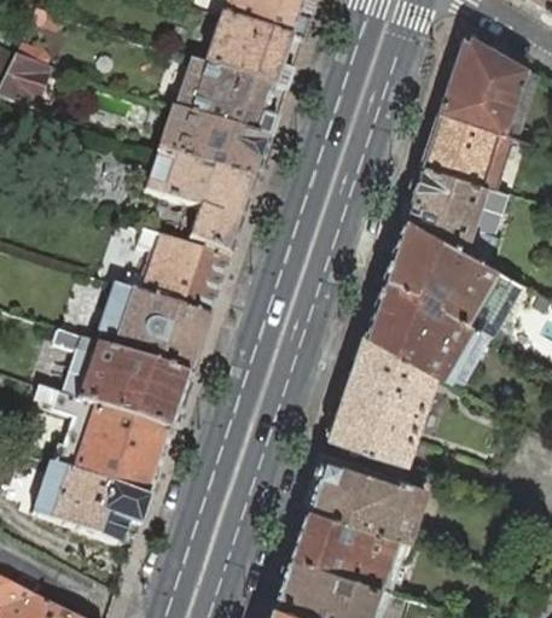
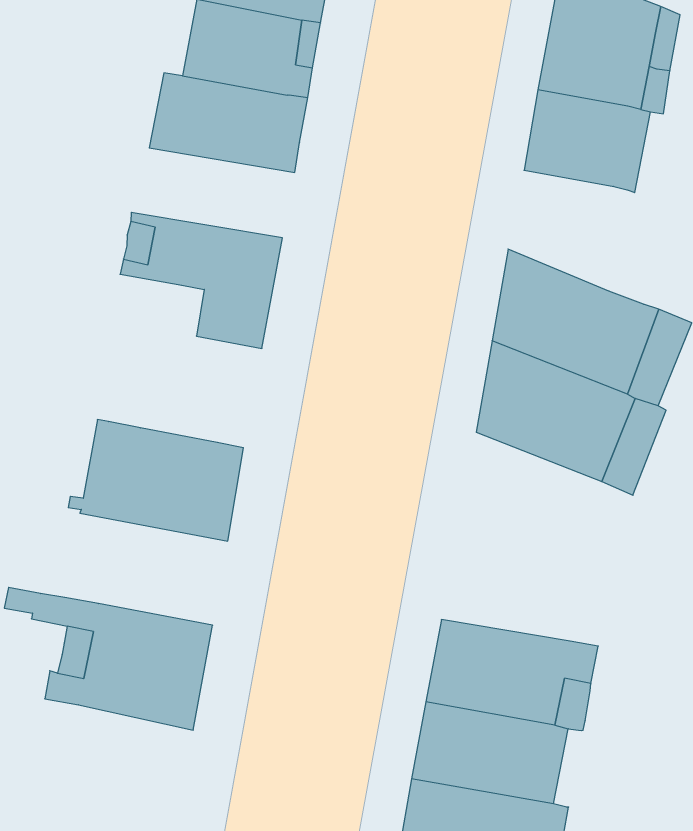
building: [158,110,269,185] -> none
building: [403,163,510,263] -> none
building: [122,233,228,320] -> none
building: [53,332,190,435] -> none
building: [329,332,435,462] -> none
building: [33,467,149,548] -> none

